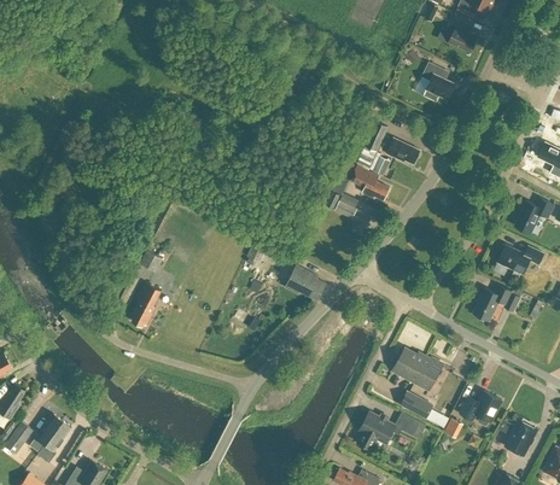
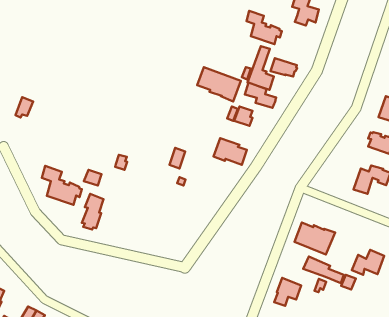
building: none -> [247,11,282,44]
building: none -> [197,67,241,102]
building: none -> [42,166,82,205]
building: [285,264,327,300] -> [214,138,247,165]

